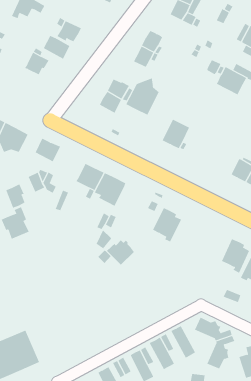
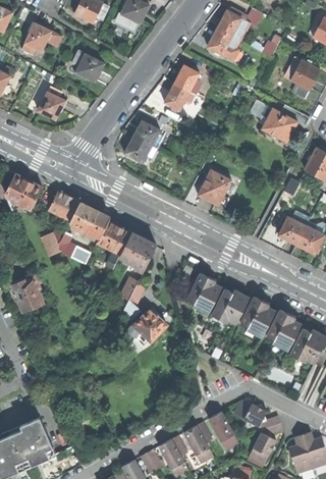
building: [43,35,70,59] -> none
building: [125,77,159,116] -> none
building: none -> [69,202,110,237]
building: [5,183,25,209] -> none
building: none -> [211,289,249,324]
building: none -> [240,297,275,337]

